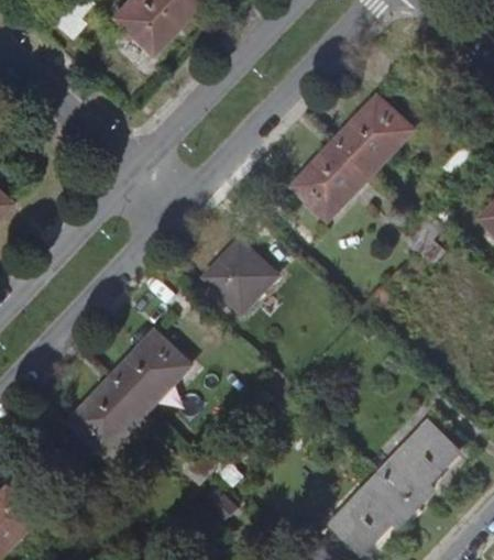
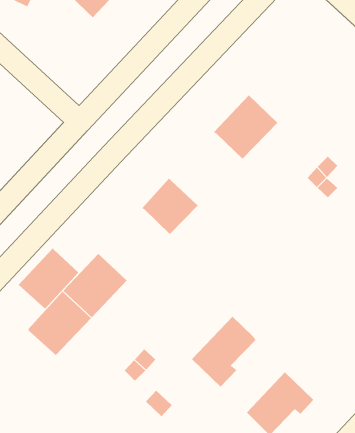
building: [336,95,413,174] -> none
building: none -> [18,247,79,310]
building: [378,420,457,506] -> [191,316,256,387]

